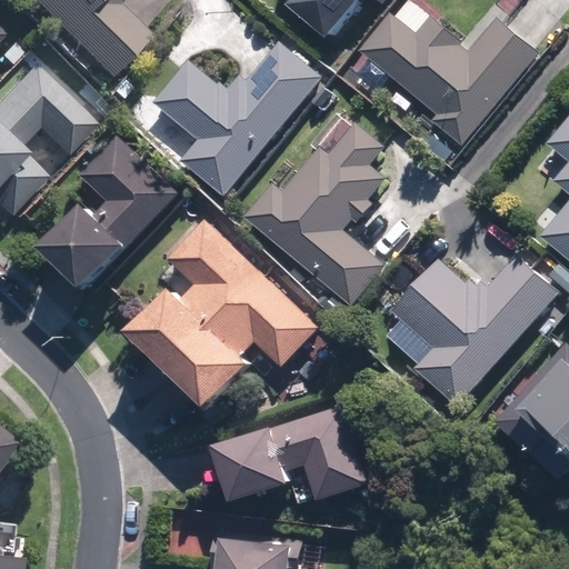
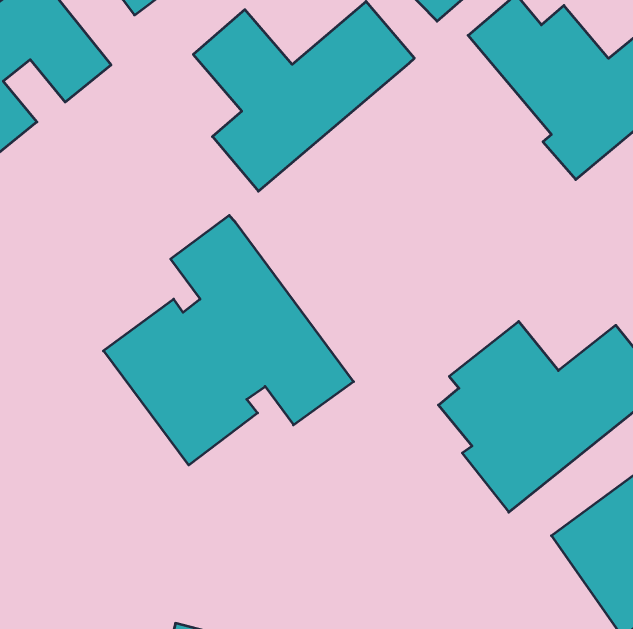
building: [247,121,387,305] -> none
building: [39,133,179,293] -> none
building: [214,405,371,506] -> none

